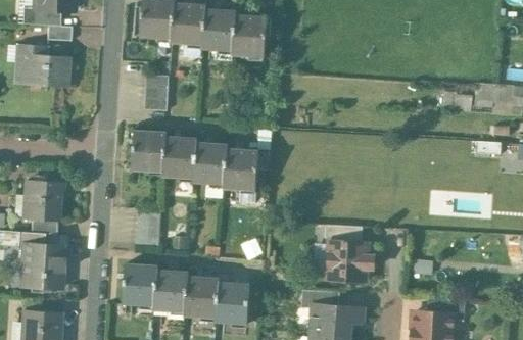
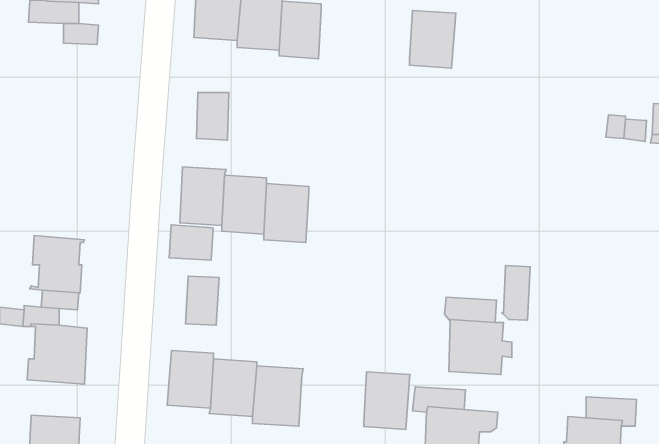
building: [233,15,267,57] -> [410,10,456,68]
building: [14,43,69,87] -> none
building: [223,148,256,191] -> none
building: none -> [169,225,213,260]
building: none -> [502,266,530,320]
building: [219,282,252,324] -> [364,372,410,429]

